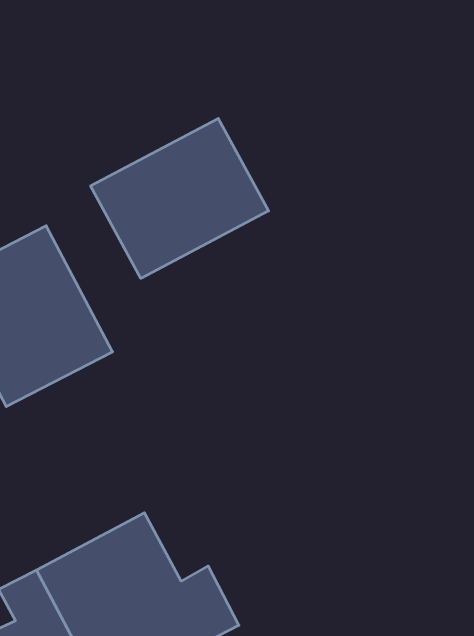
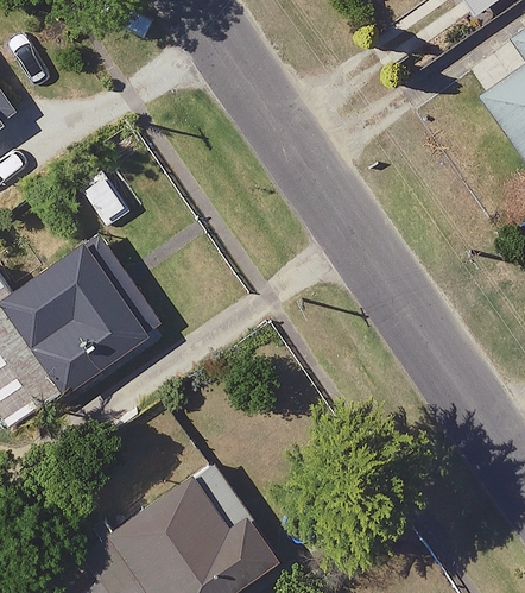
building: [91,118,269,278] -> none

